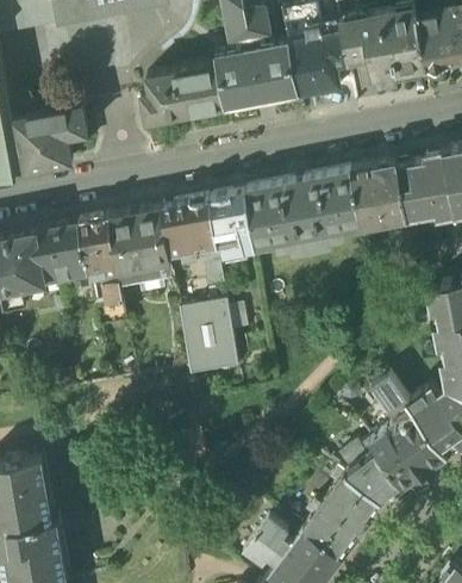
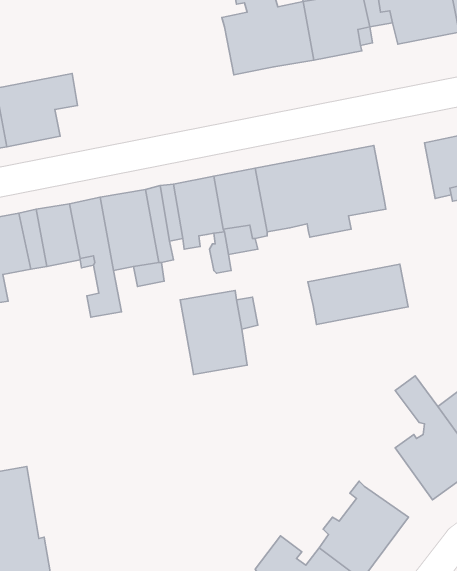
building: [142,64,226,123] -> none
building: [351,162,406,224] -> none
building: none -> [308,264,408,324]
building: [339,441,404,503] -> none

